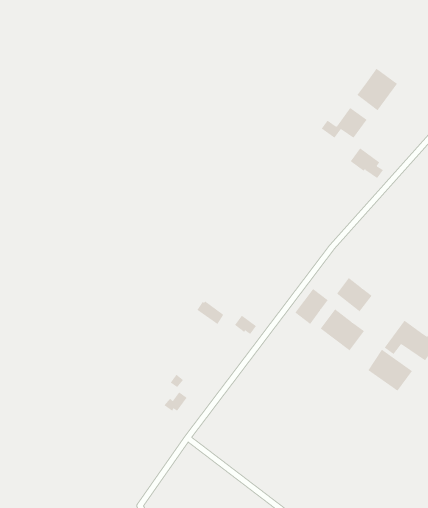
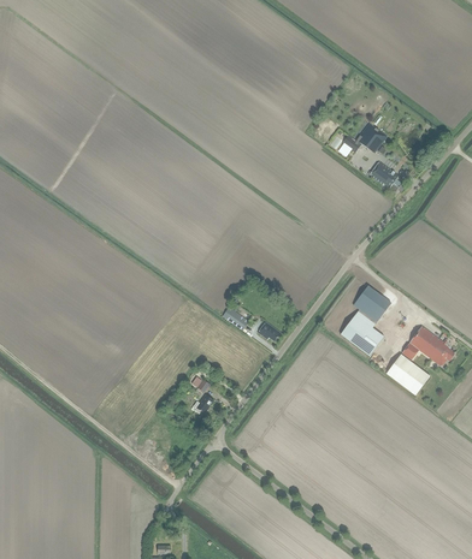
building: [356,68,398,111] -> none
building: [295,288,329,325] -> none

